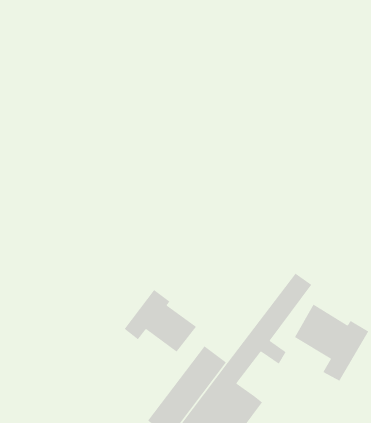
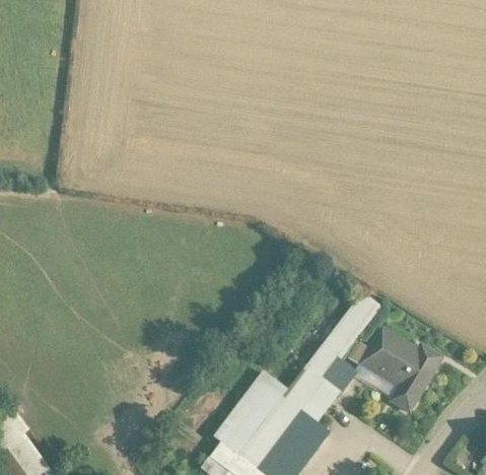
building: [124,289,197,353] -> none
building: none -> [299,380,344,426]

